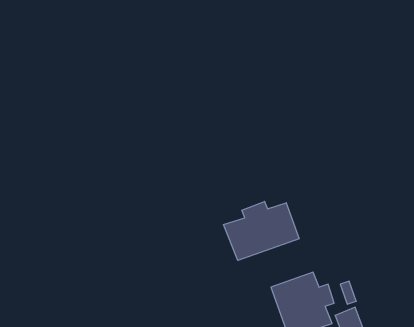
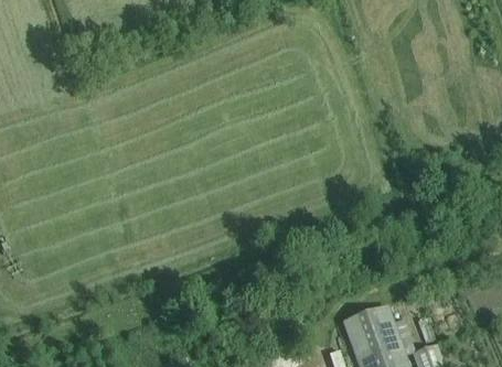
building: [223,201,299,260] -> none

